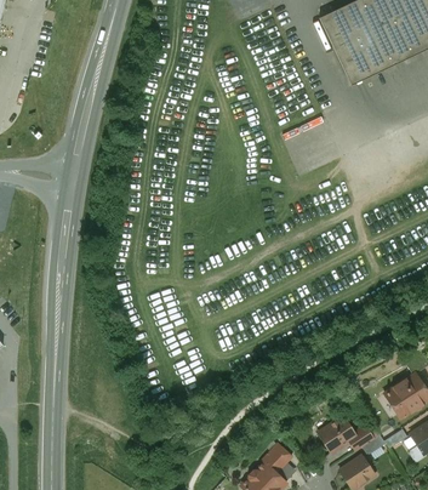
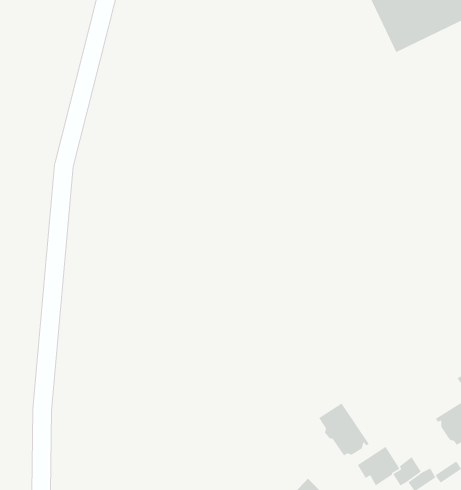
building: none -> [318,403,370,456]

